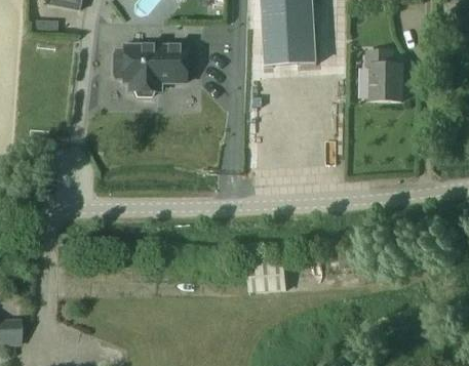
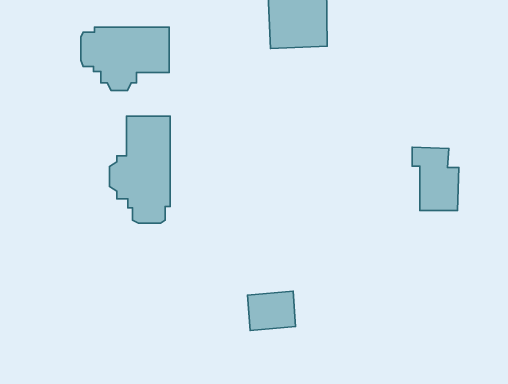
building: [364,47,402,98] -> [412,147,459,211]
building: none -> [110,116,170,223]

